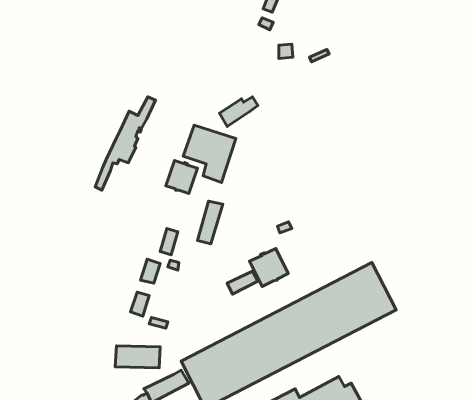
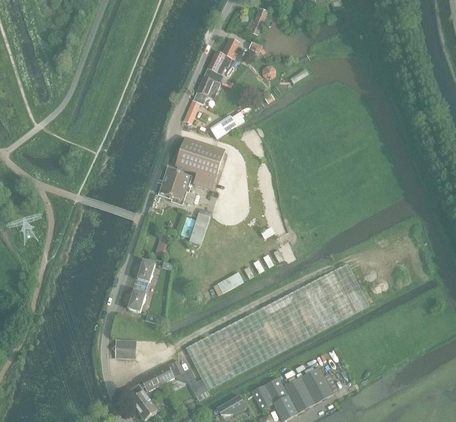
building: [95,97,155,190] -> [184,38,239,123]
building: [250,248,288,286] -> none

